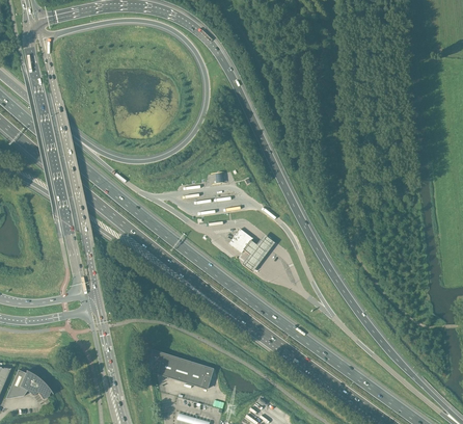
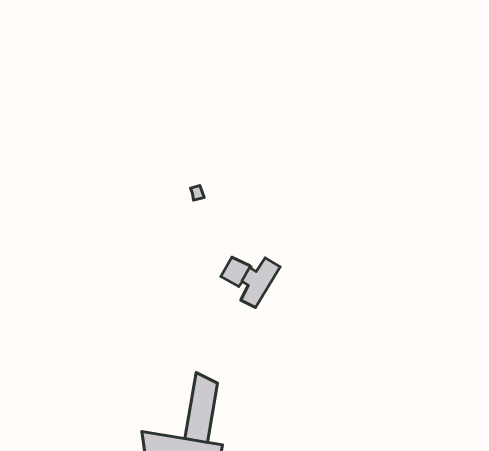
building: none -> [185,372,217,442]

